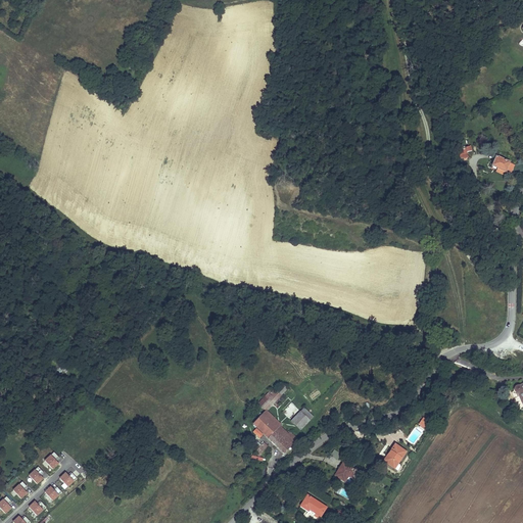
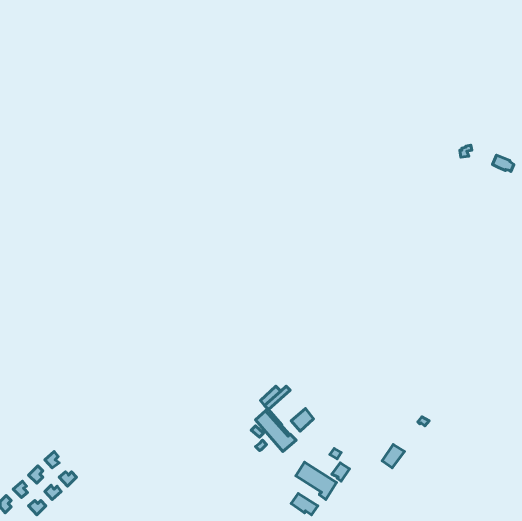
building: none -> [296,462,336,500]

